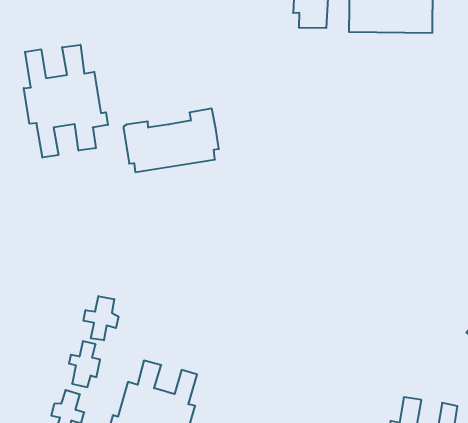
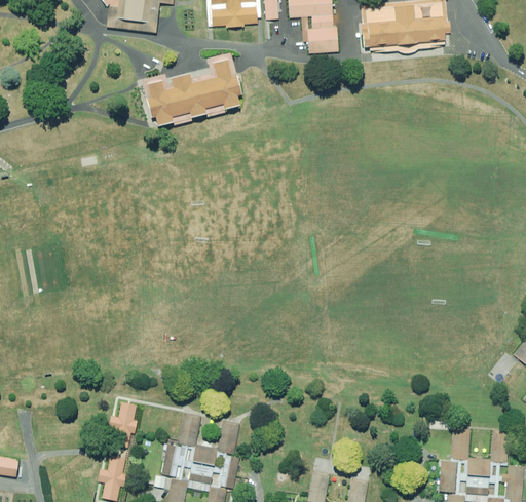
building: [24,45,108,158] -> none
building: [123,109,219,172] -> [140,54,240,127]
building: [83,296,118,340] -> none

